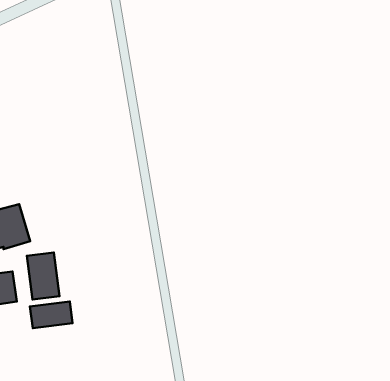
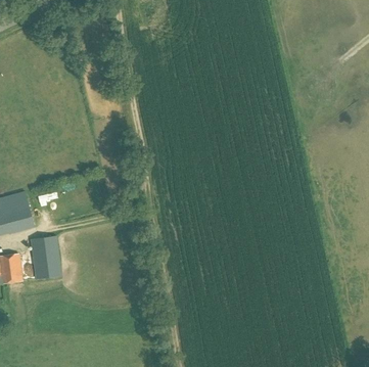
building: [30,301,73,328] -> none

